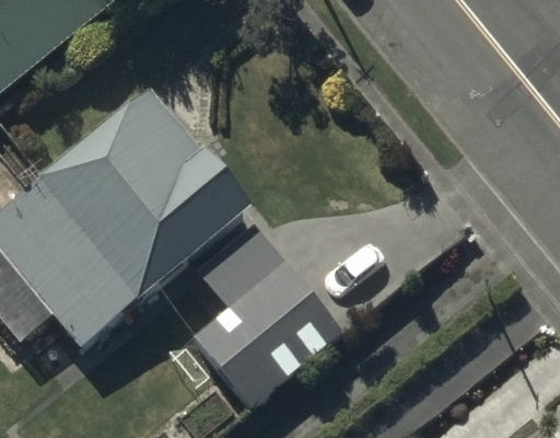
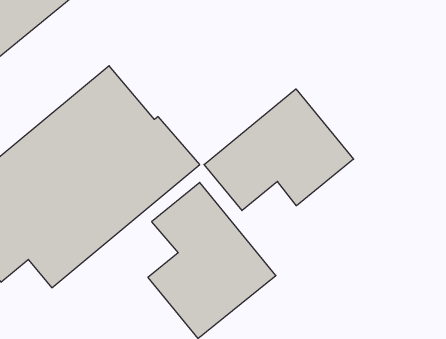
building: none -> [204,89,354,211]

